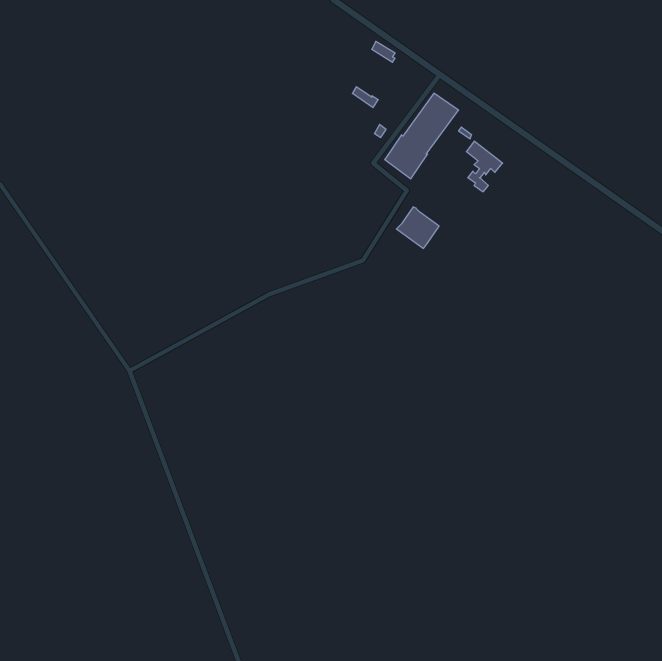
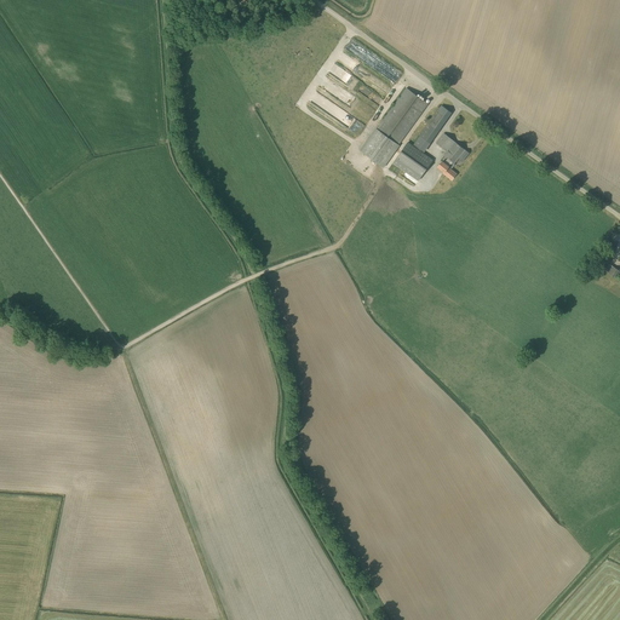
building: [396,207,439,248] -> [392,140,432,179]

